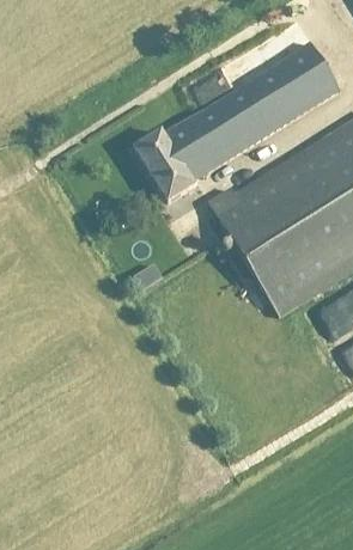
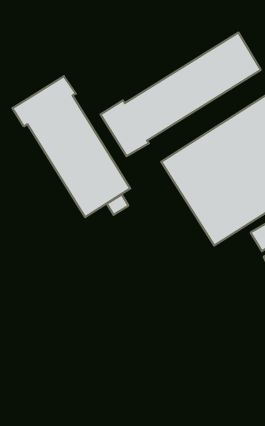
building: none -> [12,76,130,217]

